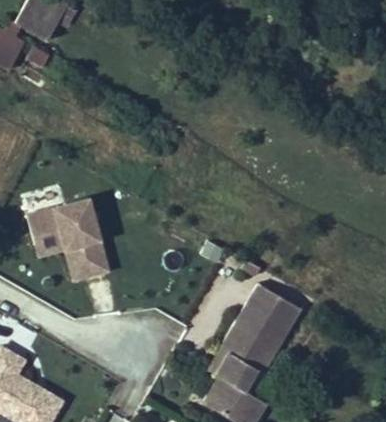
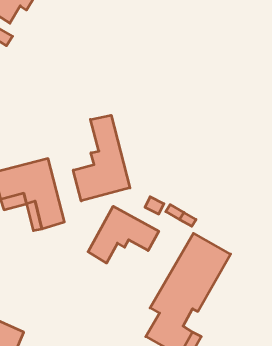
building: none -> [73,115,130,201]
building: none -> [88,206,159,263]

